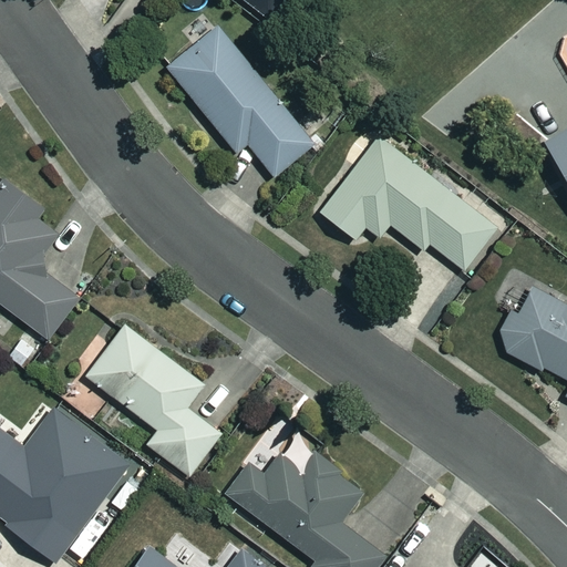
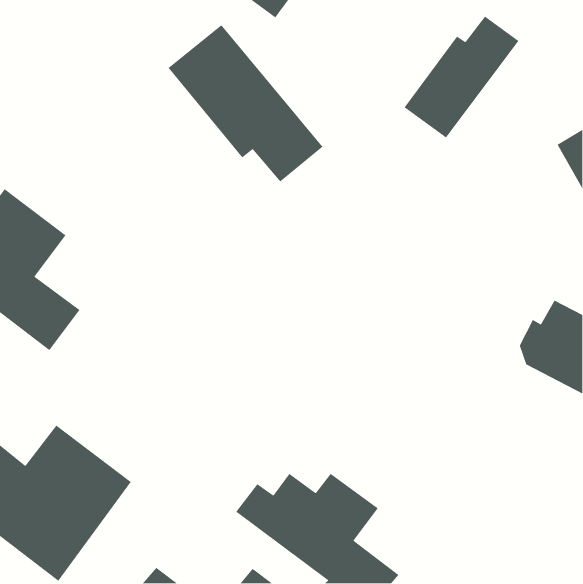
building: none -> [403,16,519,139]
building: [322,136,499,271] -> none
building: [87,326,221,476] -> none

